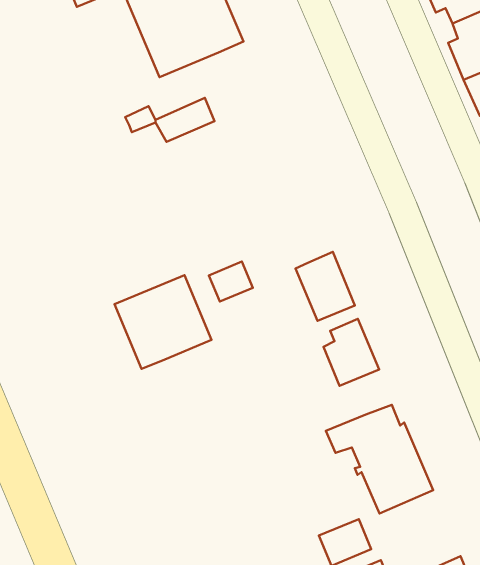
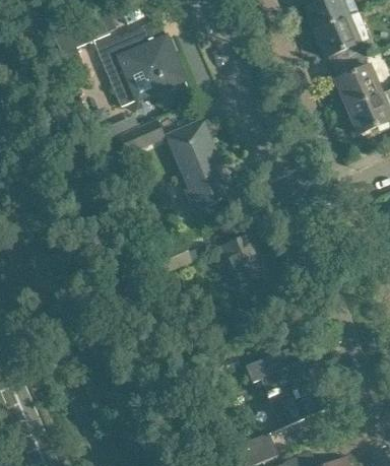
building: none -> [166,120,231,212]
building: [115,275,211,369] -> none
building: [324,319,379,386] -> none

